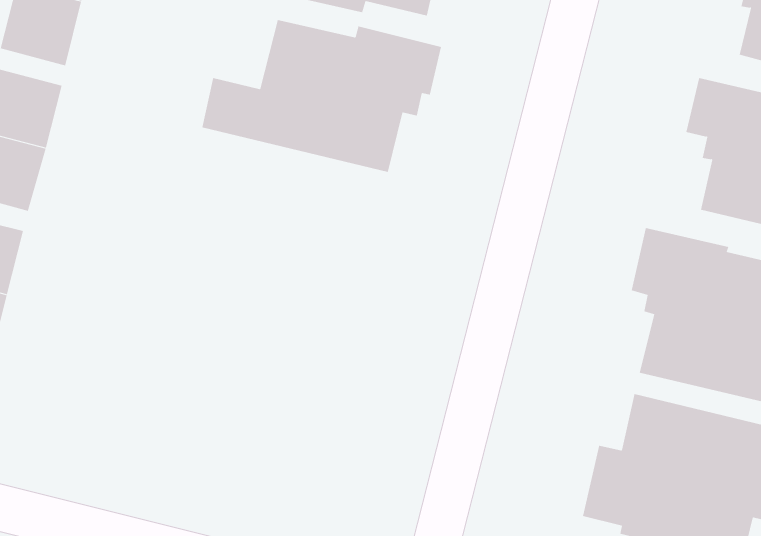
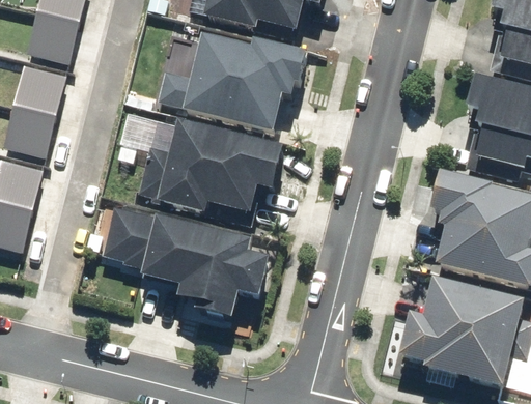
building: none -> [138,119,287,213]
building: none -> [102,204,273,317]

